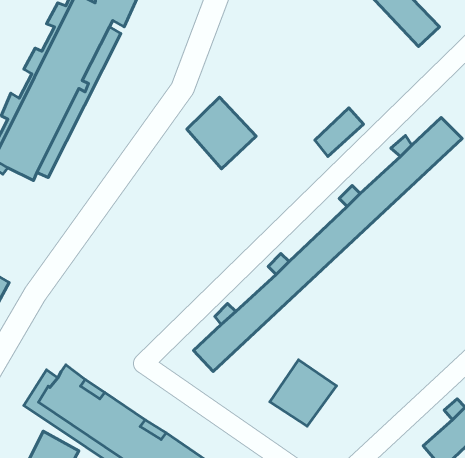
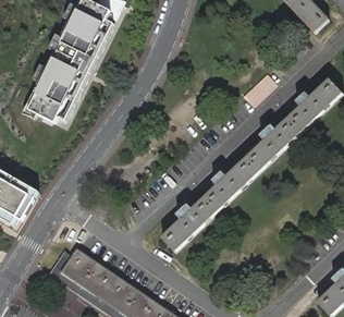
building: [187,97,256,169] -> none
building: [270,360,337,426] -> none

